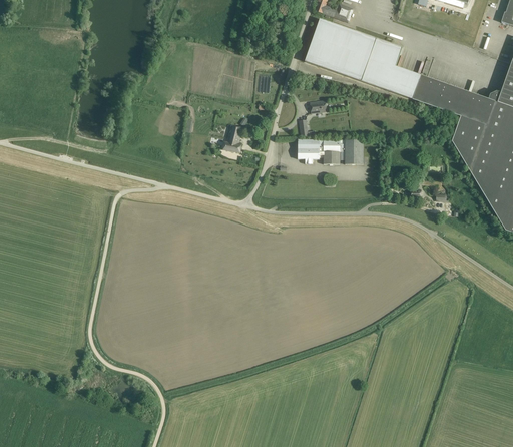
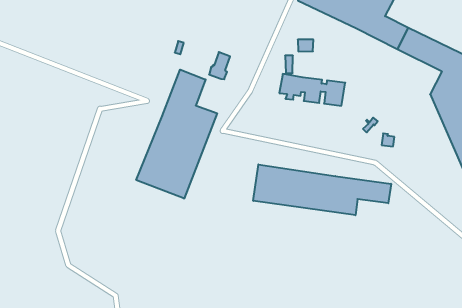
building: none -> [136,70,217,199]
building: none -> [253,164,391,215]

